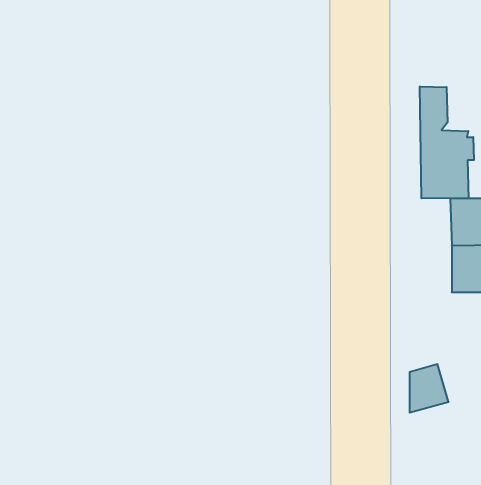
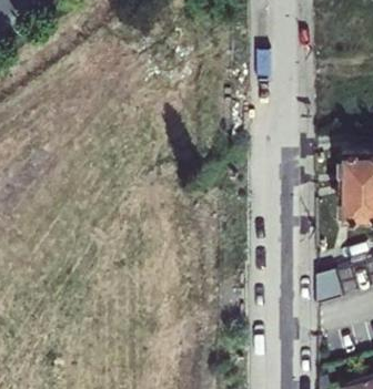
building: [420,86,474,198] -> none

